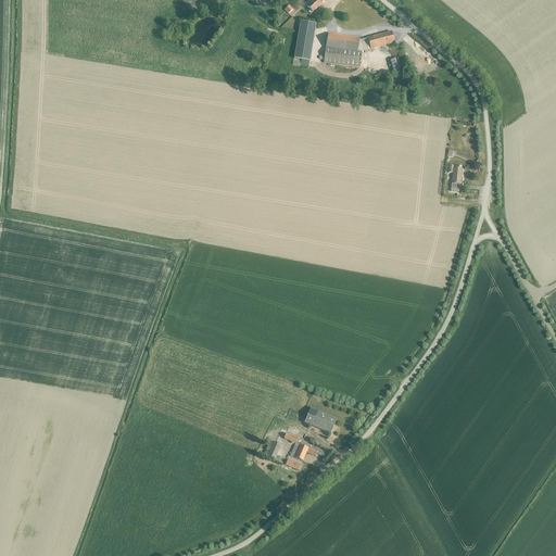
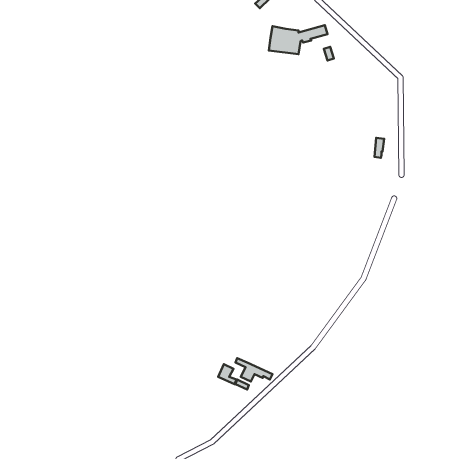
building: [294,20,316,60] -> none
building: [304,406,336,431] -> none

